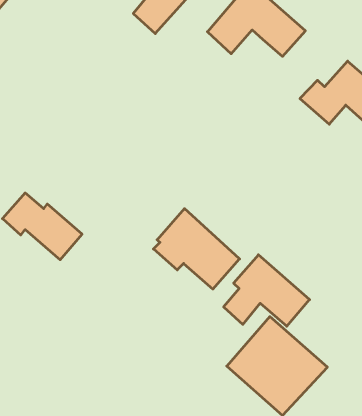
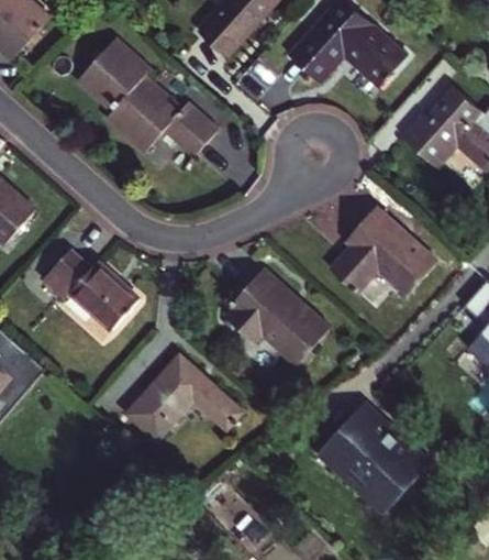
building: none -> [80,37,218,156]
building: [224,255,310,326] -> [332,208,435,294]
building: none -> [126,355,241,440]

